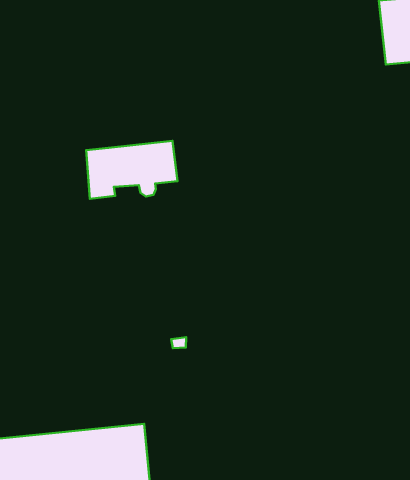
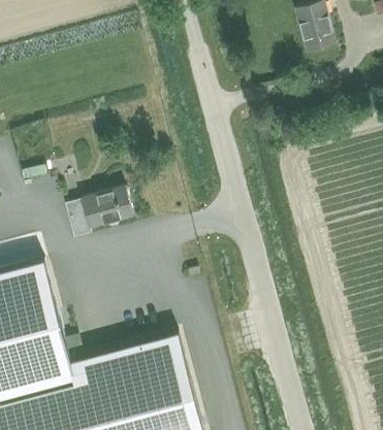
building: [86,141,178,199] -> [64,188,132,238]

